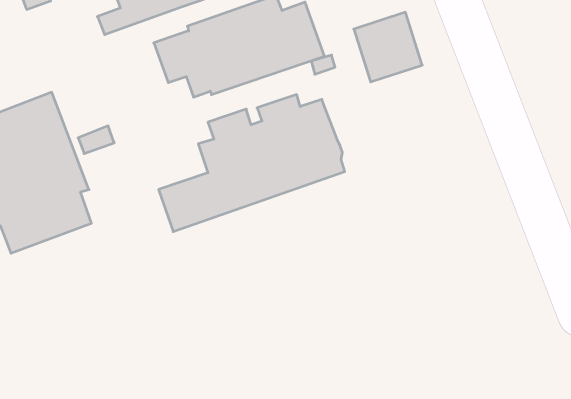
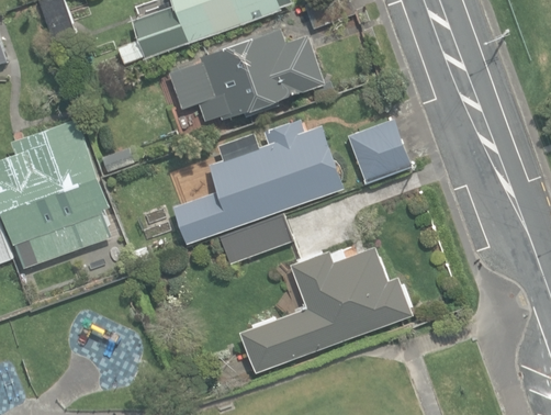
building: [354,12,422,82] -> [347,119,409,182]
building: none -> [218,213,292,265]
building: none -> [239,248,413,374]

